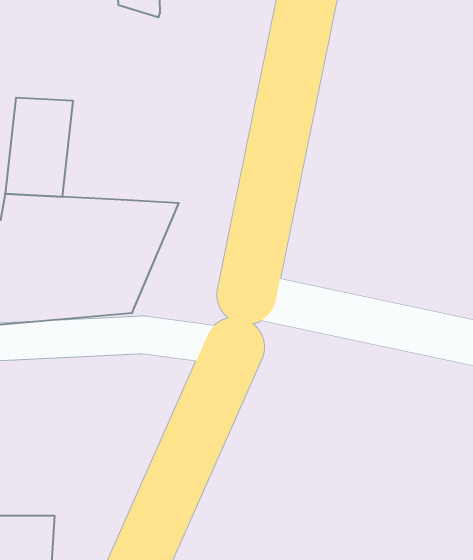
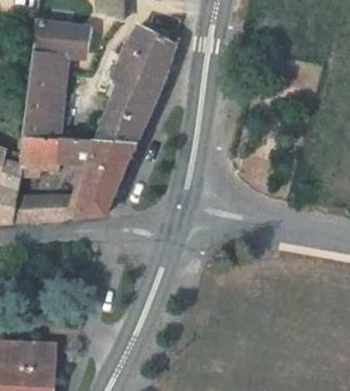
building: none -> [32,19,88,55]
building: none -> [99,23,176,141]

